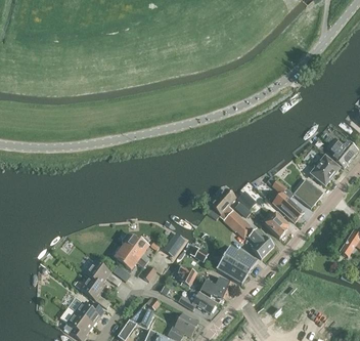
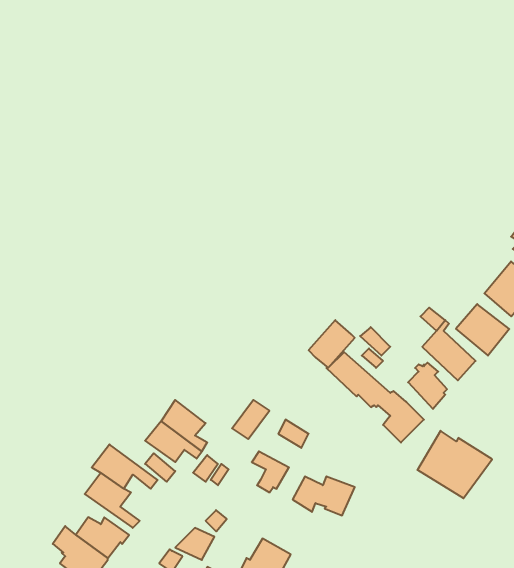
building: [214,245,257,284] -> [417,431,492,498]
building: [178,289,216,313] -> none

